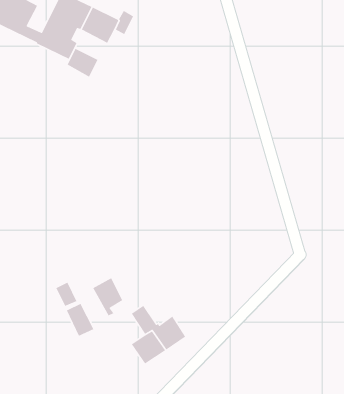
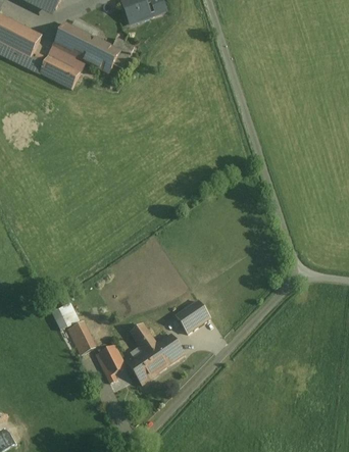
building: [66,48,99,78] -> none
building: [92,277,123,317] -> [95,343,124,381]
building: none -> [174,299,208,333]

